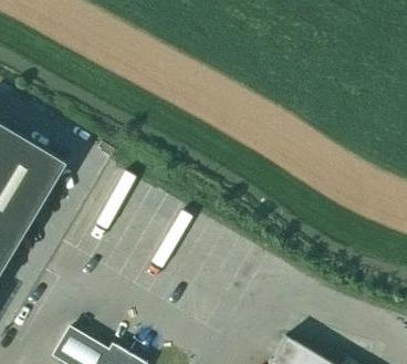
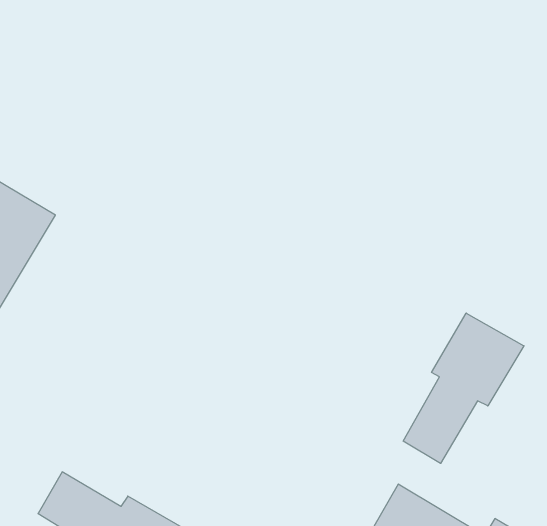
building: none -> [403,313,524,463]

